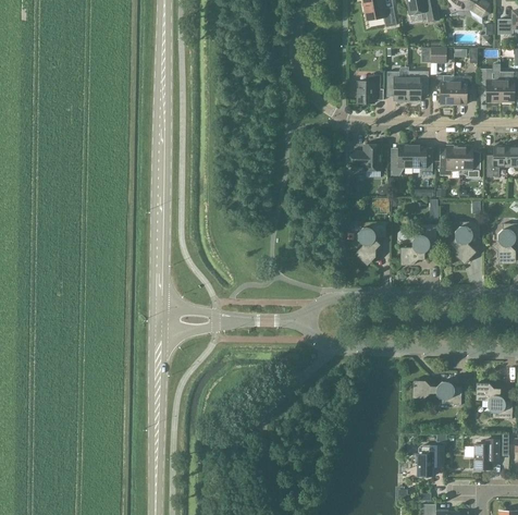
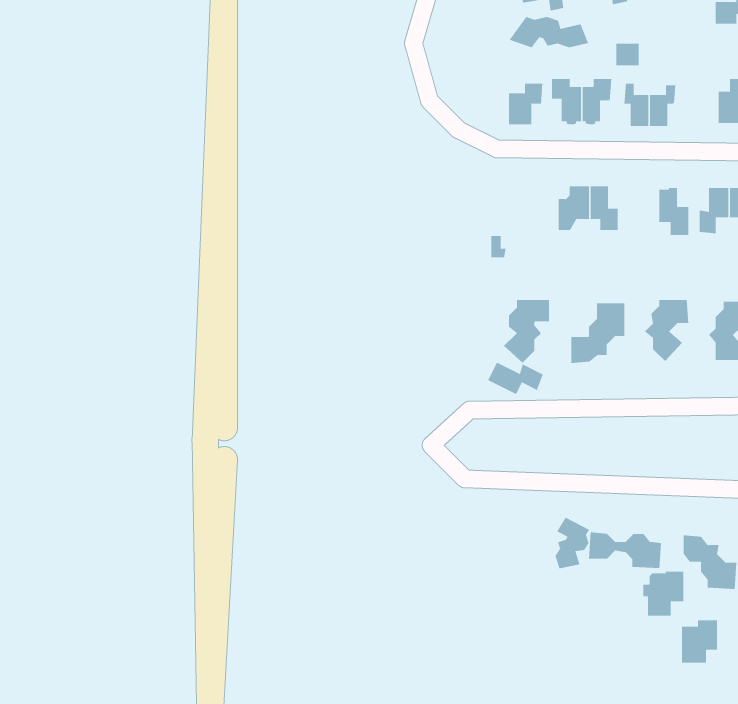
building: none -> [509,16,589,48]
building: [480,68,501,101] -> none
building: [350,144,382,170] -> none
building: [441,145,460,174] -> none
building: none -> [488,362,544,395]
building: none -> [555,517,590,569]
building: [416,444,444,475] -> [643,571,684,616]

